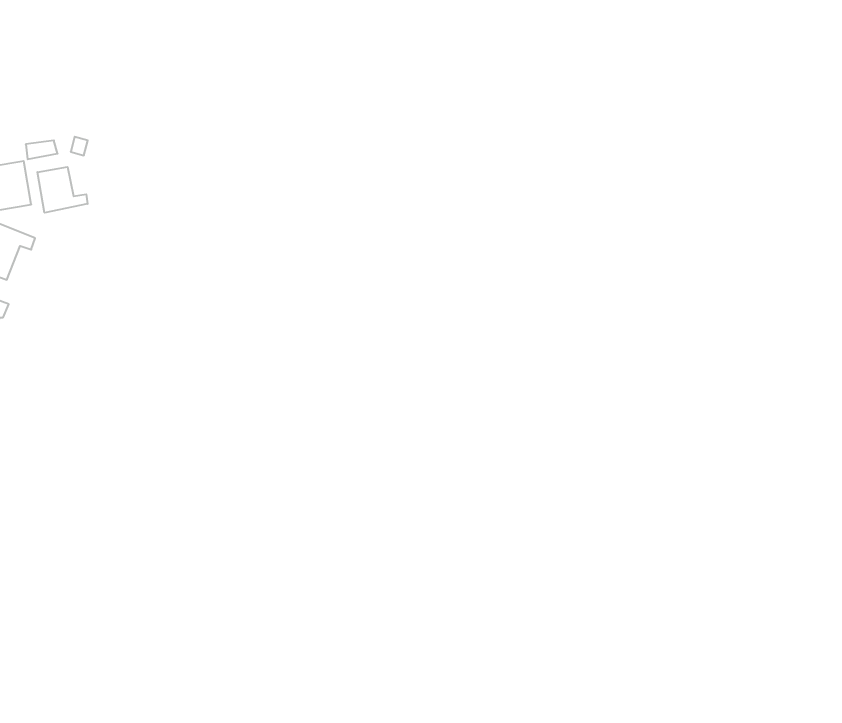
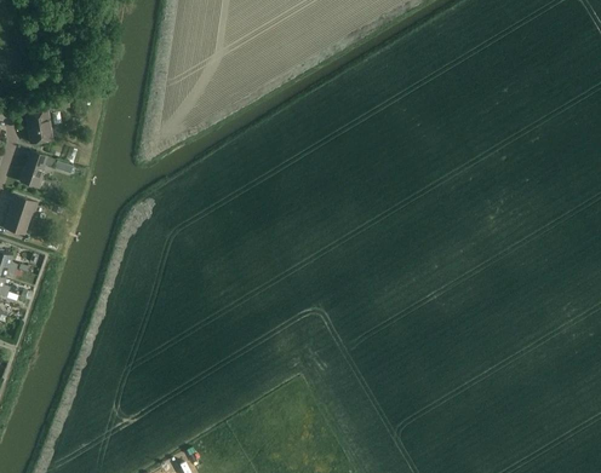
building: [37,167,88,213] -> none

